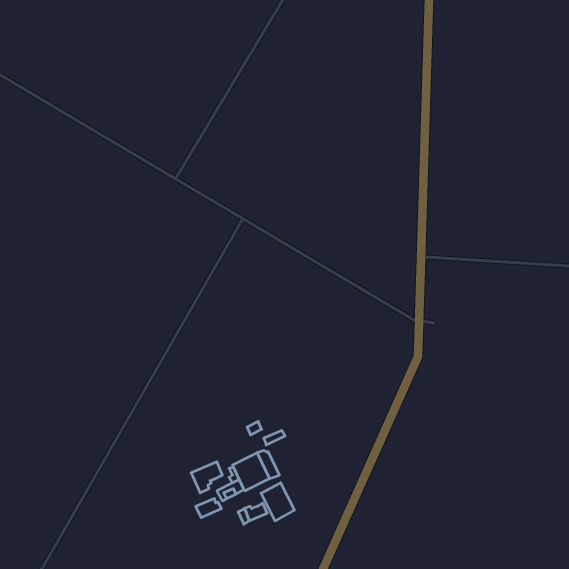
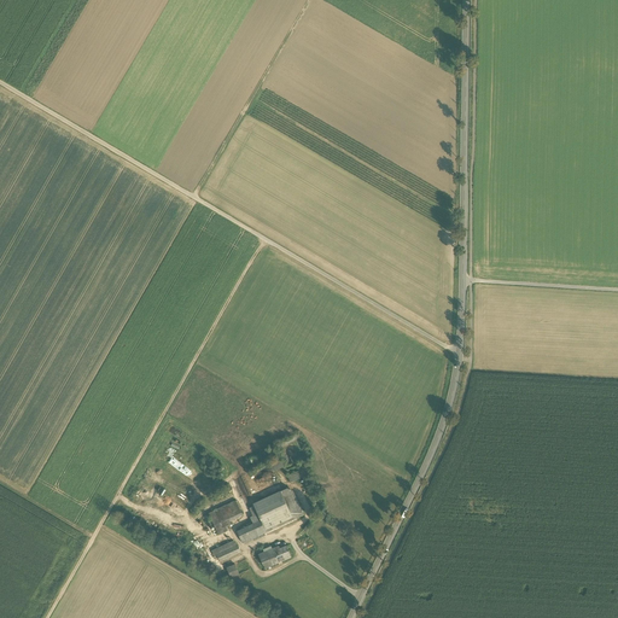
building: [261,483,294,521] -> none

